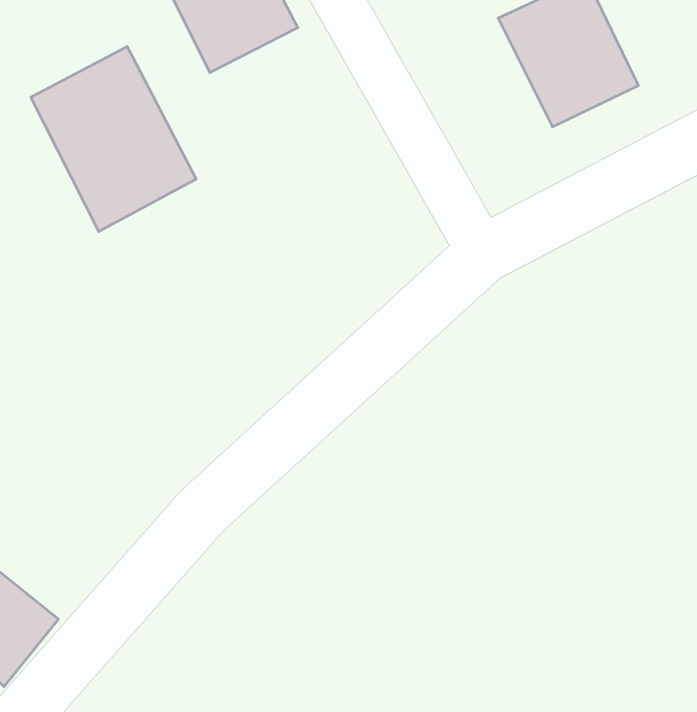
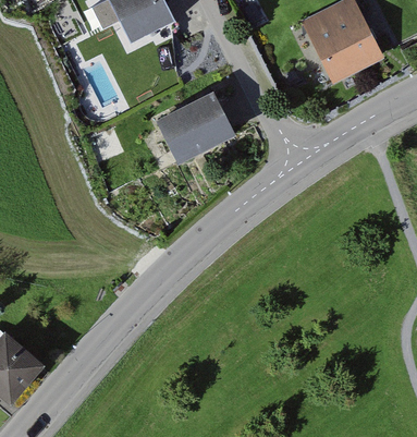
building: [31,46,196,232] -> none
building: none -> [159,93,238,167]

